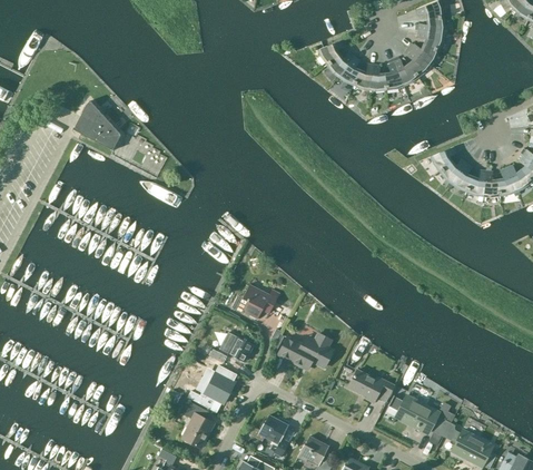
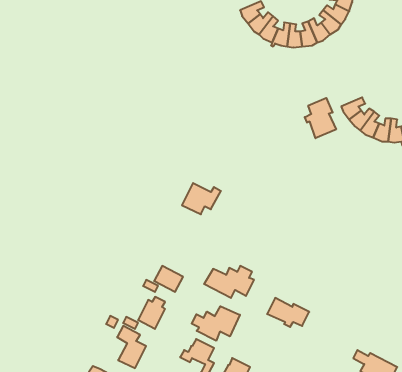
building: [71,101,119,150] -> none
building: none -> [305,98,336,138]
building: [236,285,279,320] -> [182,183,221,214]
building: none -> [192,306,240,341]
building: [389,395,450,437] -> none

